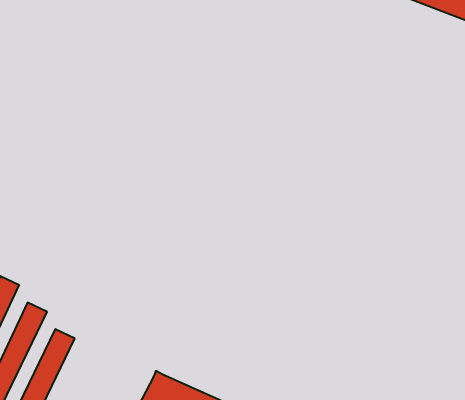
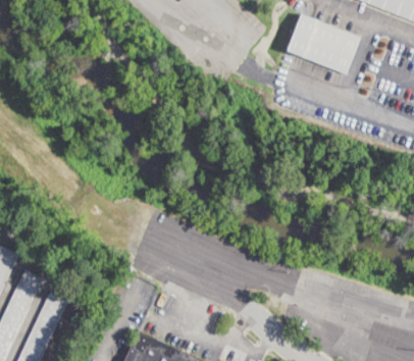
building: none -> [287,14,360,74]

